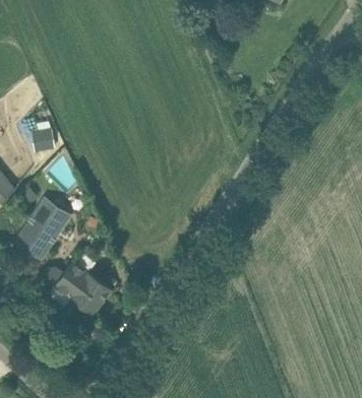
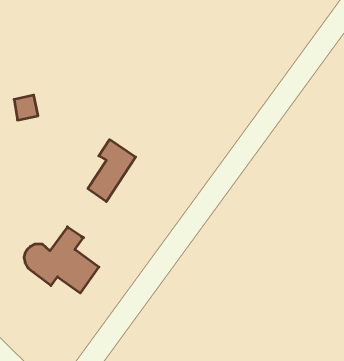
building: [22,202,67,260] -> [88,140,136,202]

